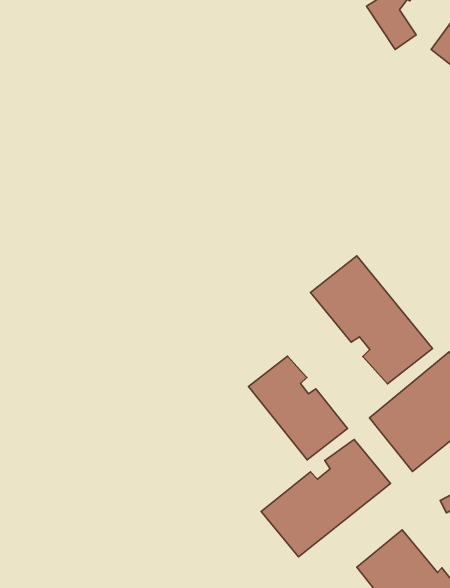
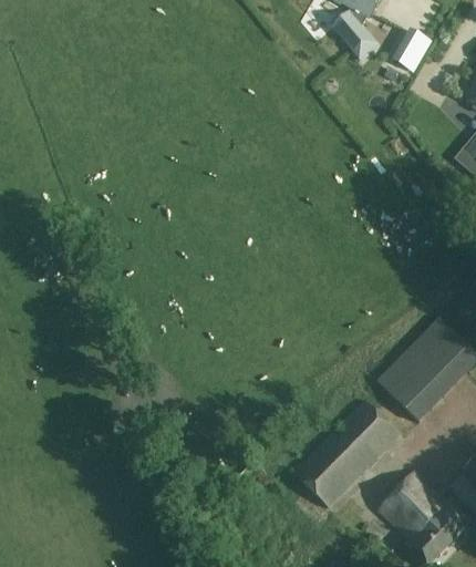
building: [311,256,432,384] -> none
building: [248,356,347,460] -> none

